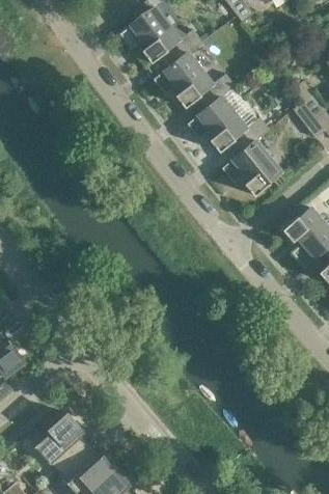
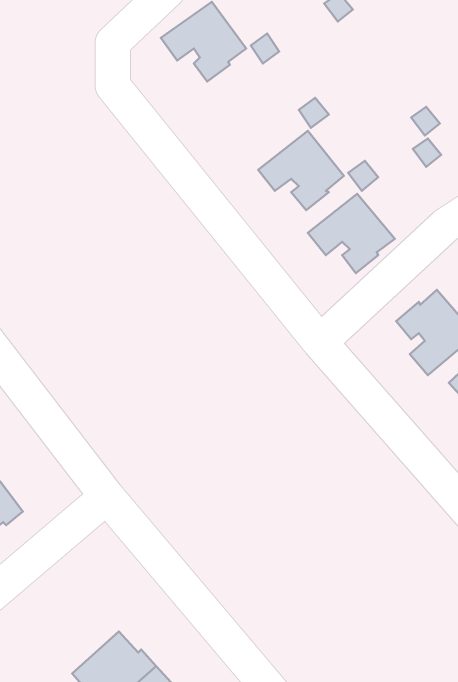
building: [153,53,212,109] -> none
building: [34,413,90,473] -> none

